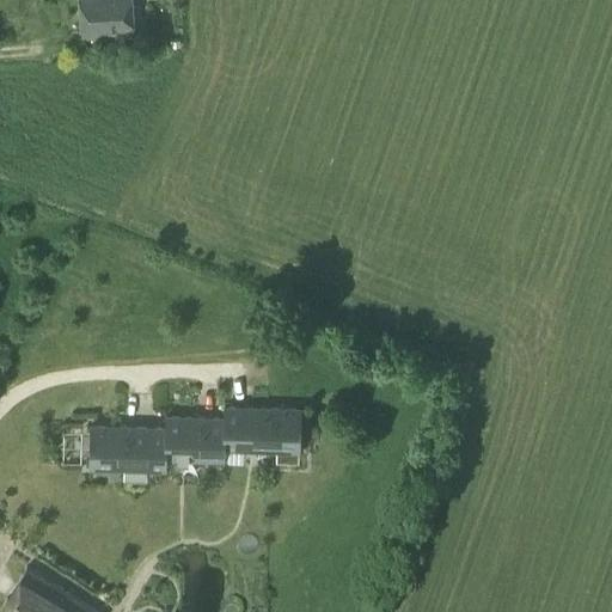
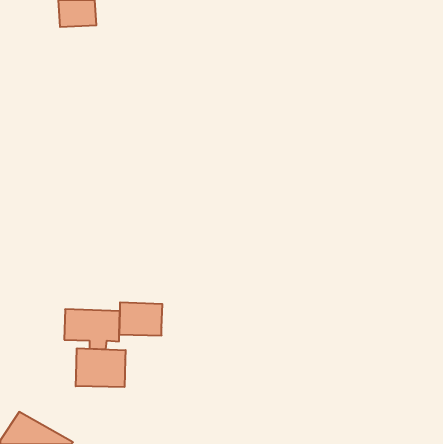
building: [224,406,301,463] -> none
building: none -> [76,348,126,387]

